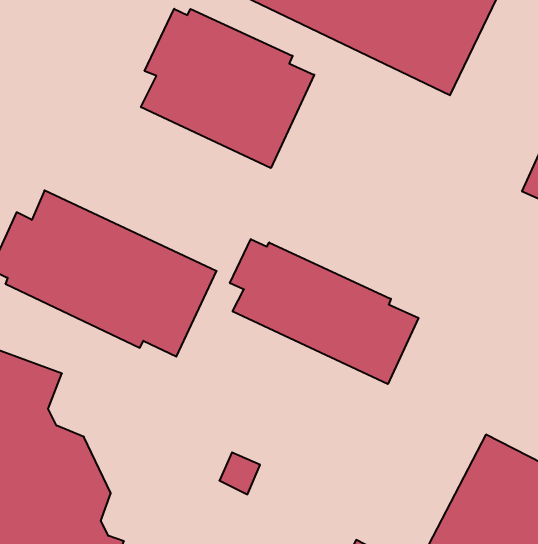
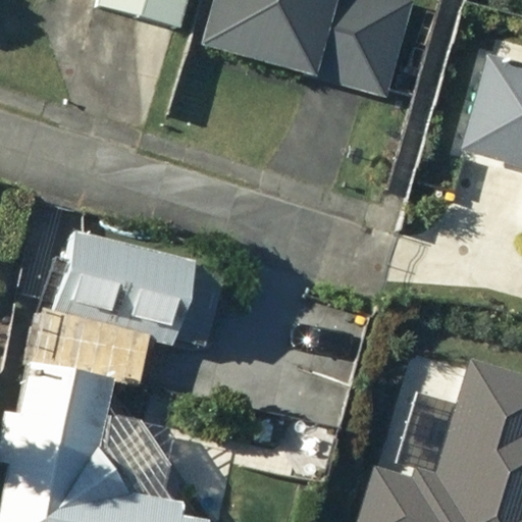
building: [141,9,314,168] -> none
building: [230,239,419,384] -> none

